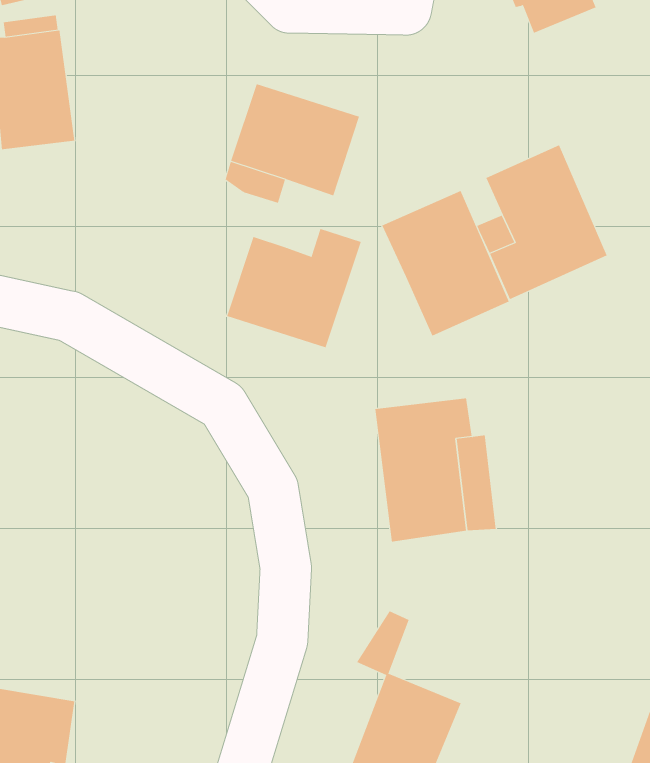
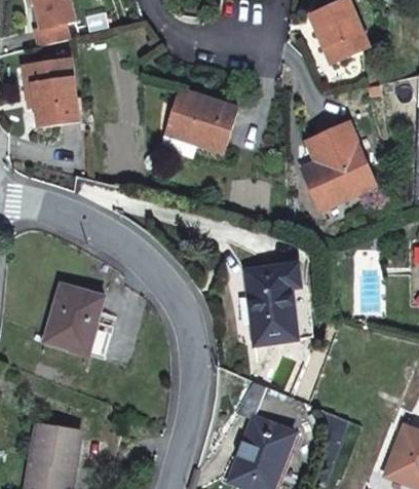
building: [382,190,509,337] -> none
building: [227,228,362,348] -> none
building: none -> [44,283,103,353]

